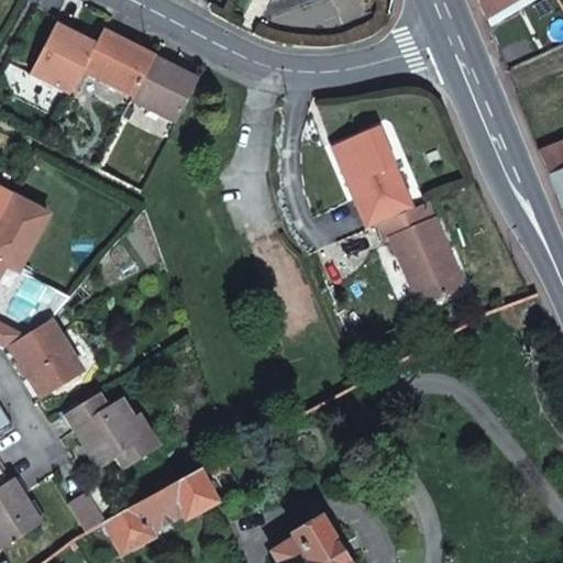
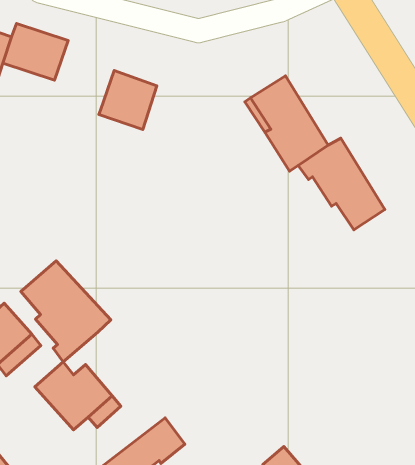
building: [133,54,199,121] -> [99,70,157,130]
building: none -> [21,261,111,362]

